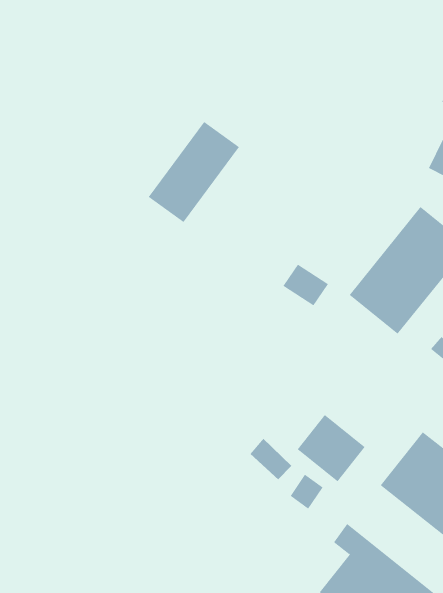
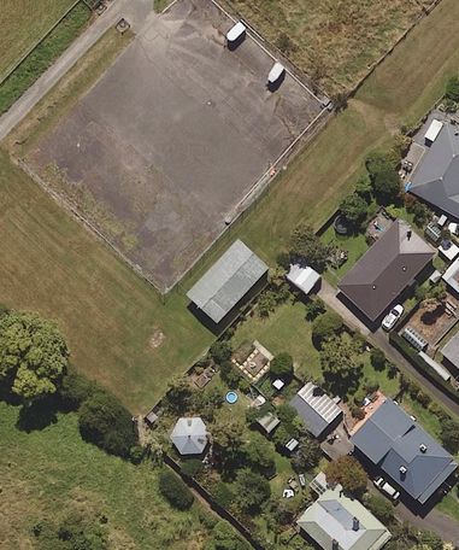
building: [148,121,240,223] -> [187,247,264,328]
building: none -> [167,416,213,454]

